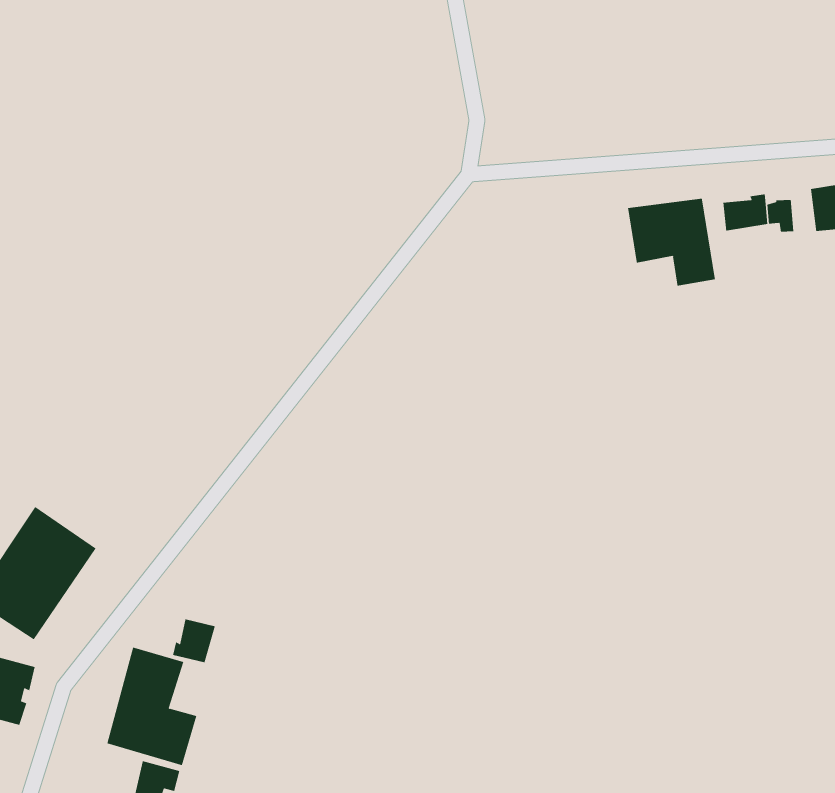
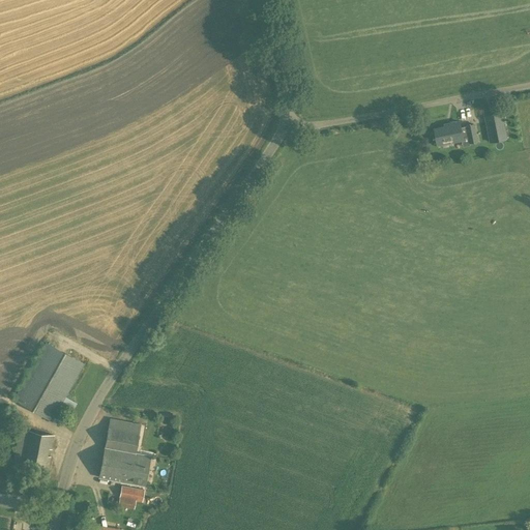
building: [628,198,716,286] -> none
building: [172,619,215,663] -> none

